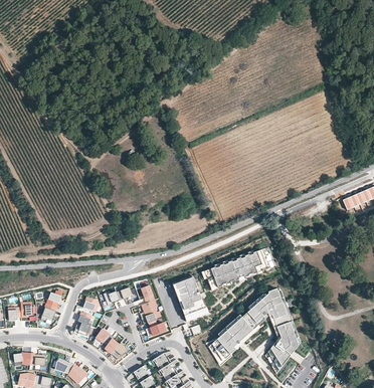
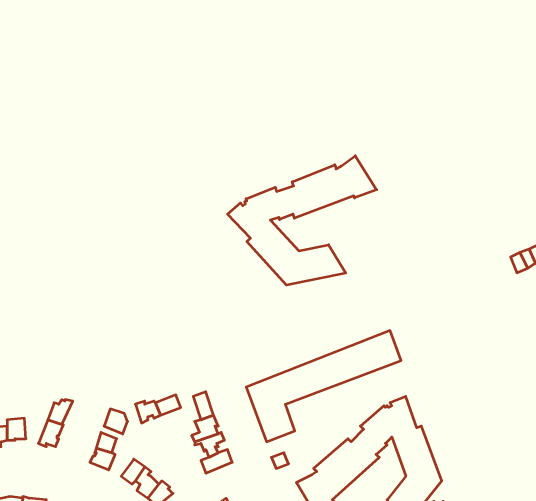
building: none -> [228,156,377,285]

